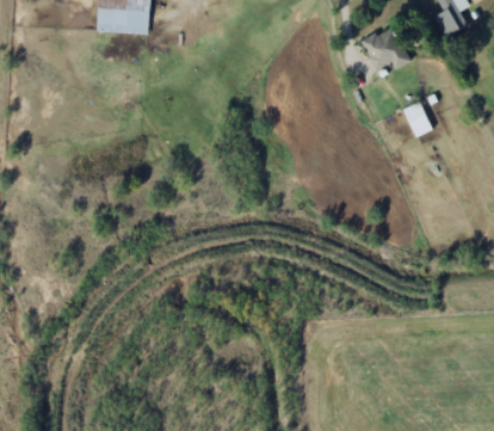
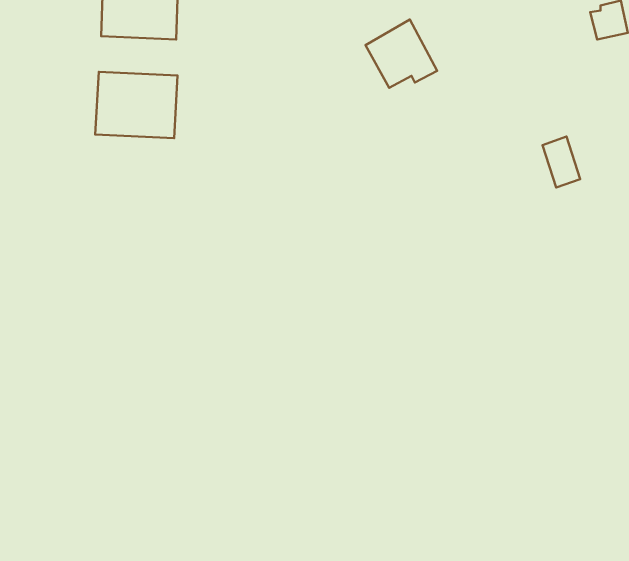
building: [360,24,410,72] -> [365,20,437,88]
building: none -> [95,72,178,138]

